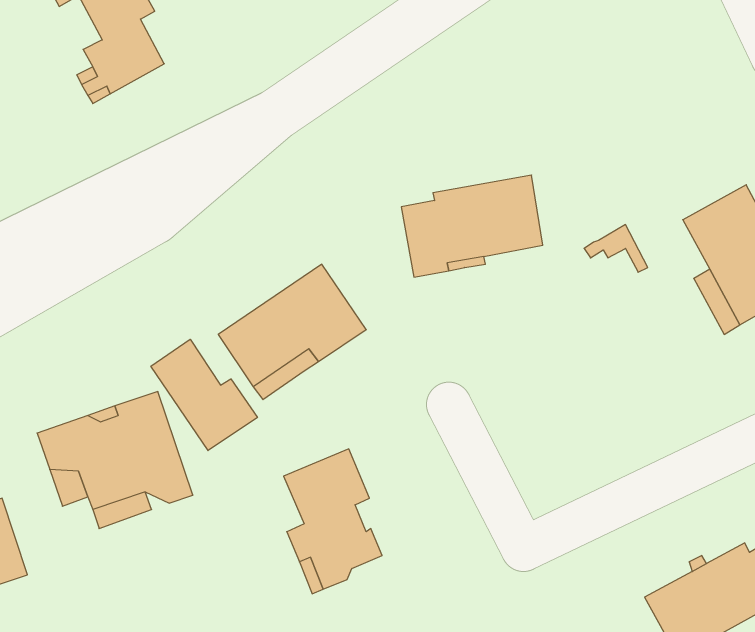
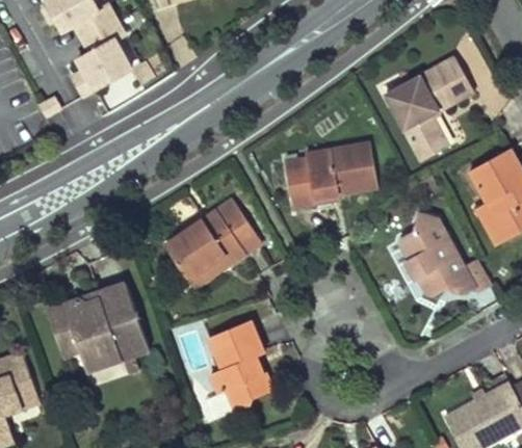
building: none -> [385,56,474,161]
building: none -> [399,212,492,295]
building: [151,339,257,451] -> none

